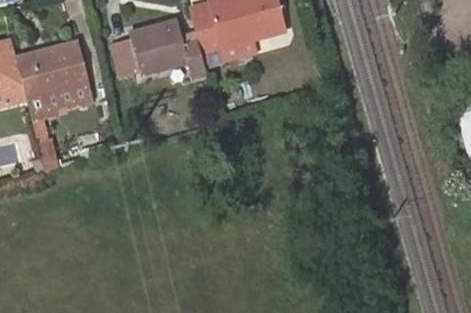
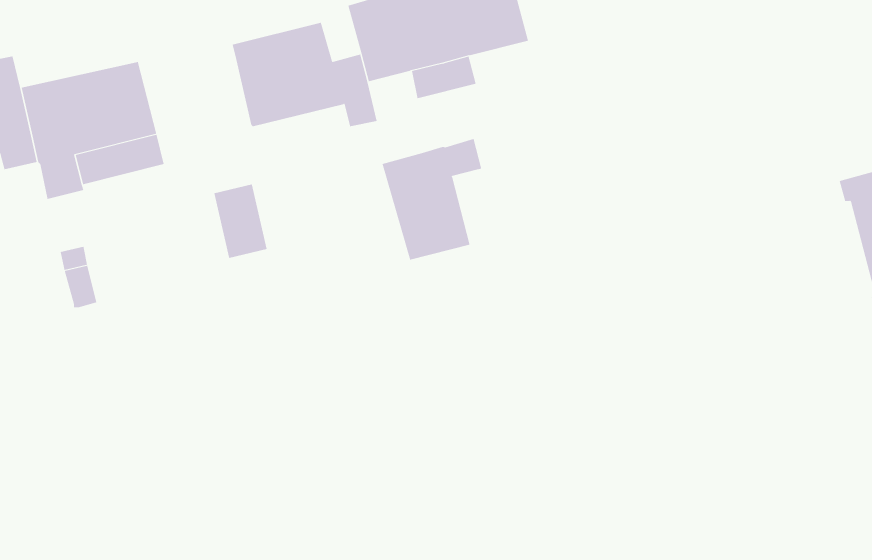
building: [109,38,138,78] -> [213,184,268,259]
building: none -> [382,138,482,261]

